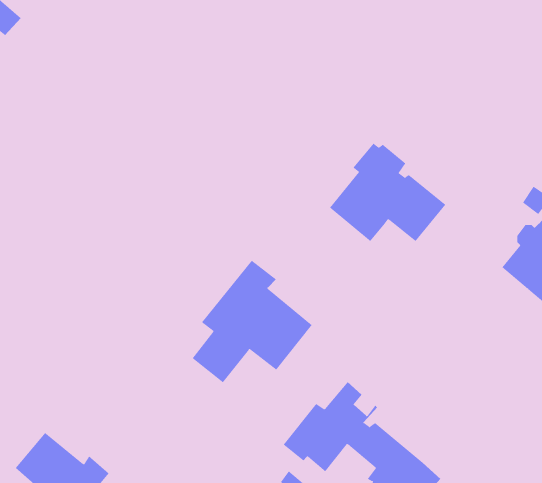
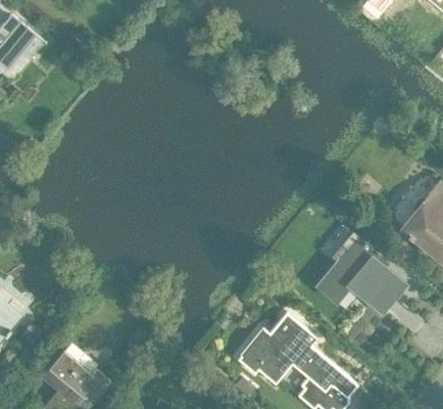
building: [329,143,446,242] -> [318,238,405,312]
building: [192,260,313,383] -> none

